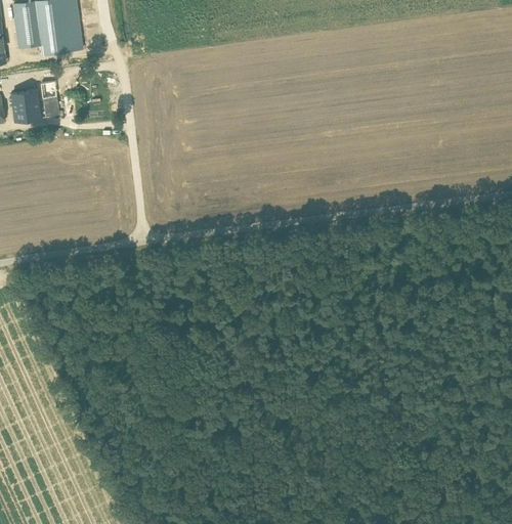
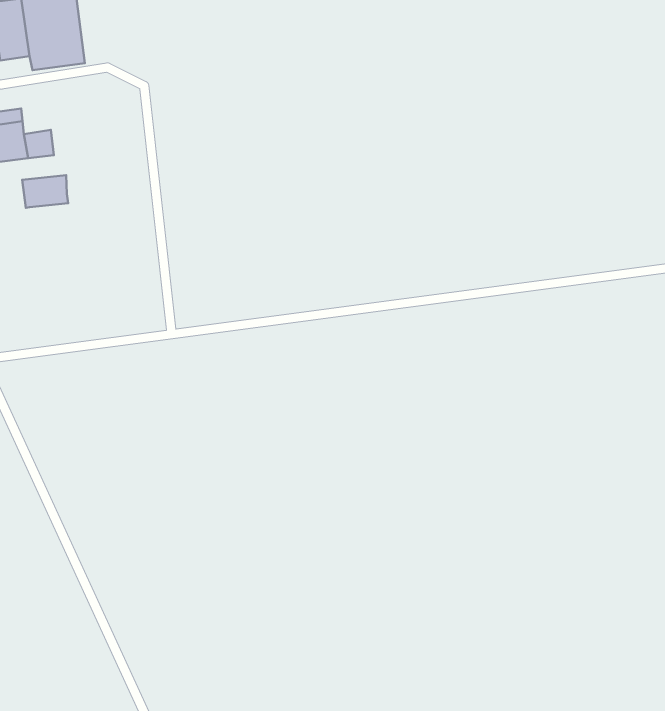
building: none -> [22,175,68,208]

